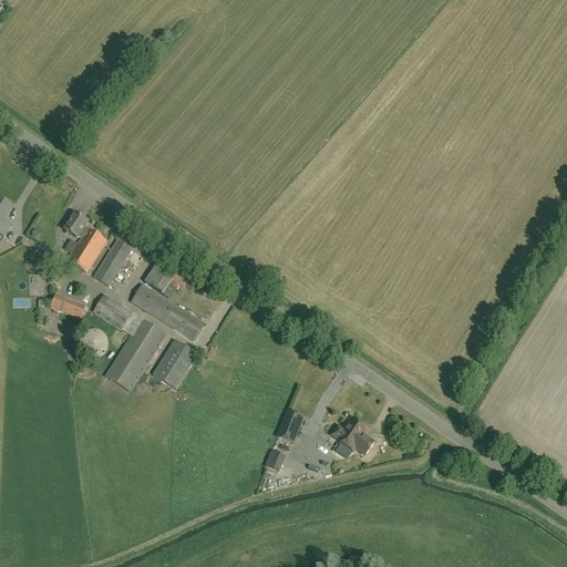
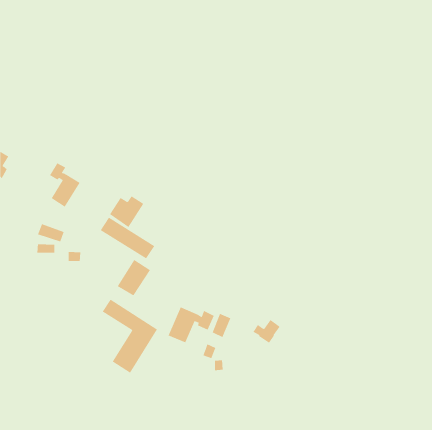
building: [92,238,132,286] -> none
building: [92,293,165,391] -> [102,299,158,373]
building: none -> [168,306,214,343]

